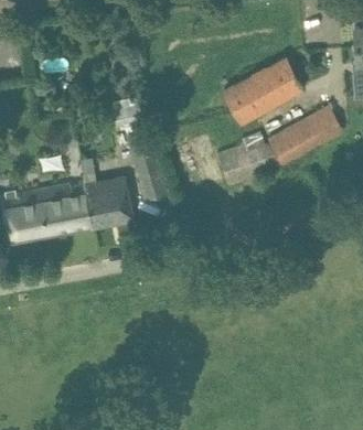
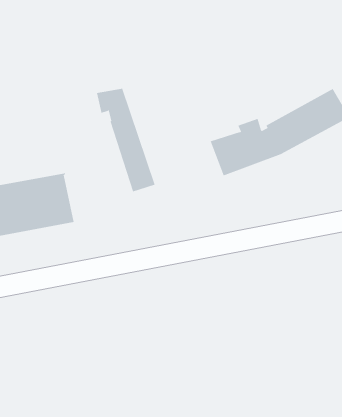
building: [223,58,302,126] -> none
building: [79,158,131,227] -> none

